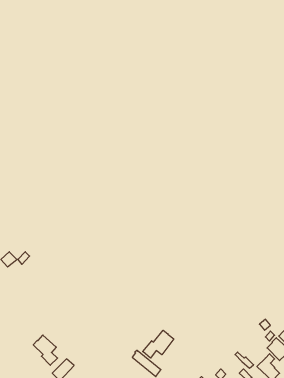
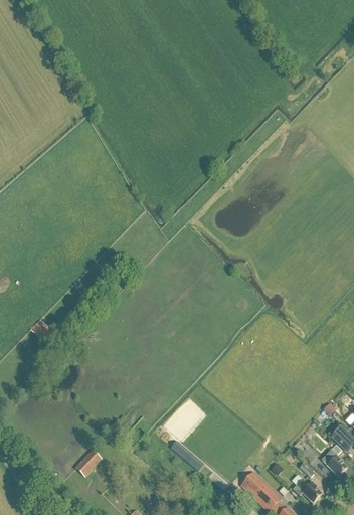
building: [143,330,174,358] -> none
building: [33,335,58,365] -> none

